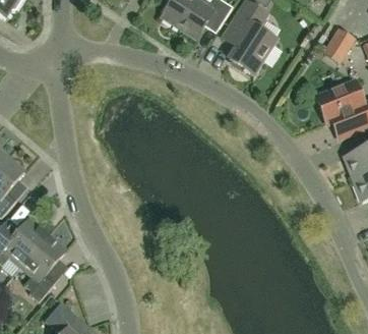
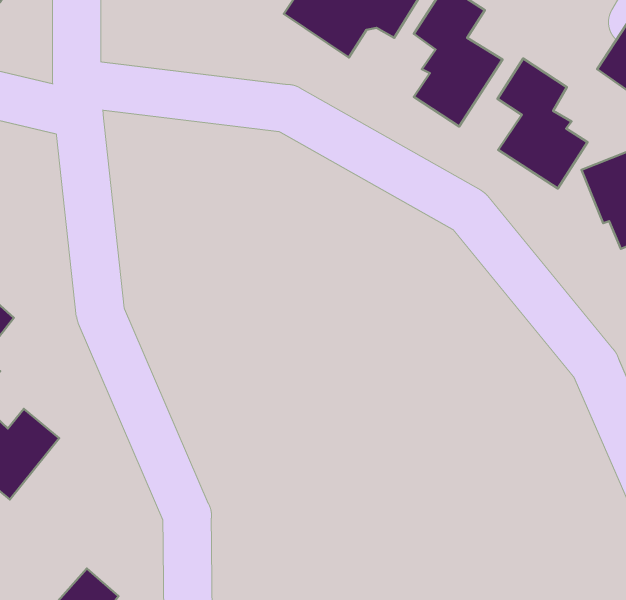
building: none -> [497,59,587,188]
building: [21,233,66,299] -> none

